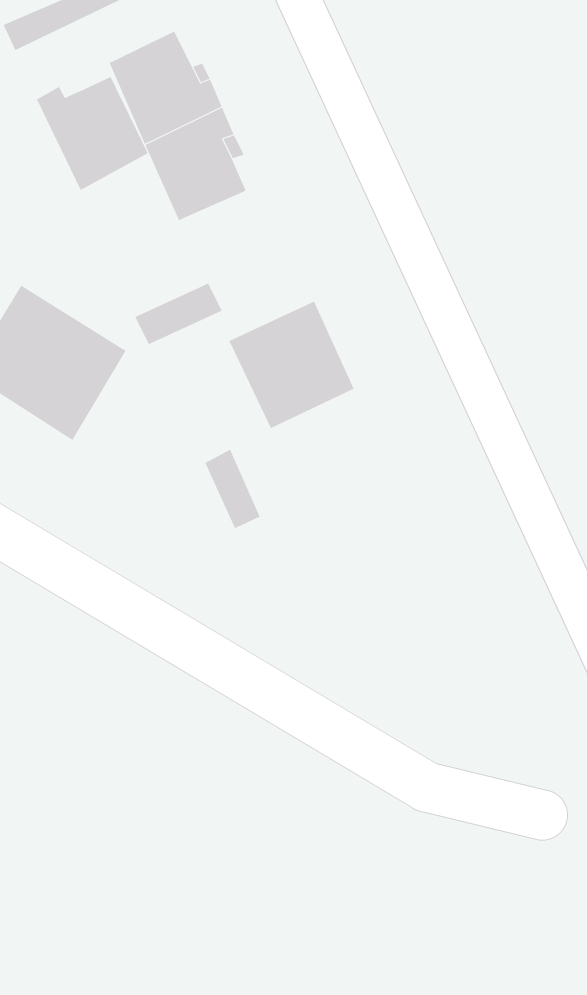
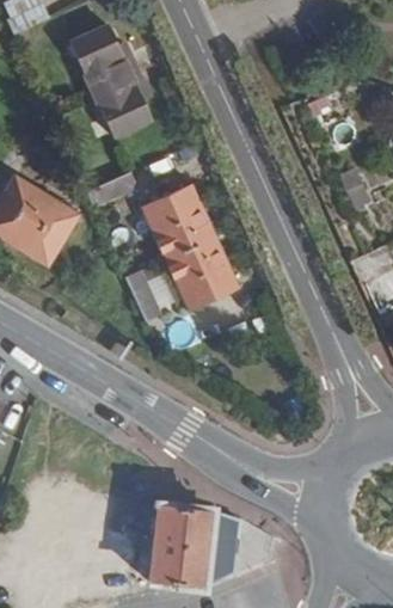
building: [36,76,148,191] -> none
building: none -> [166,237,238,308]
building: none -> [149,502,240,585]

